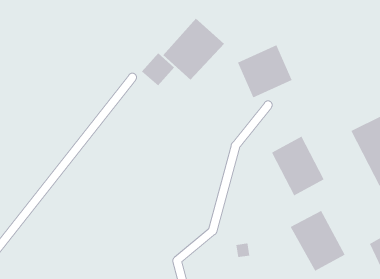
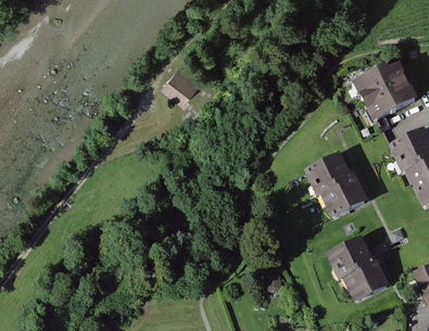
building: [162,18,225,81] -> none
building: [237,45,293,98] -> [354,63,415,122]

